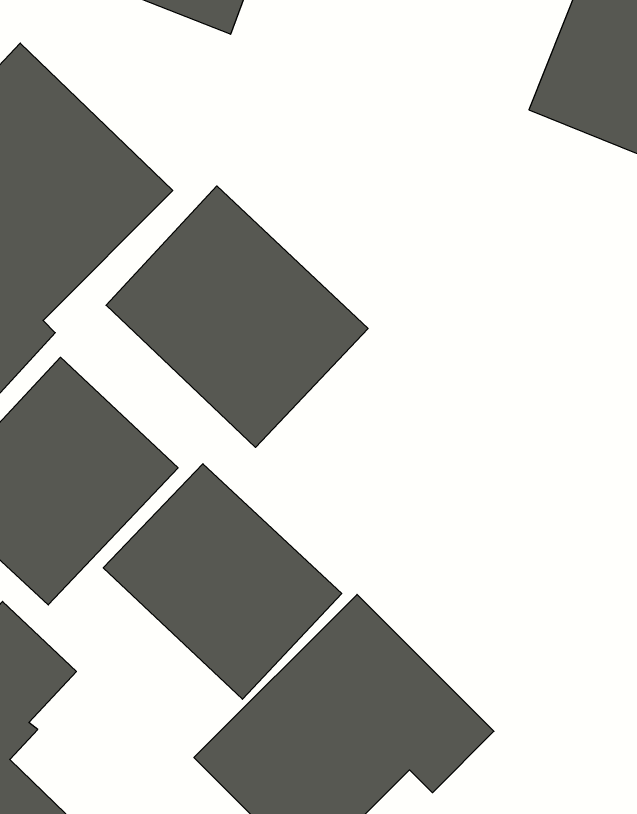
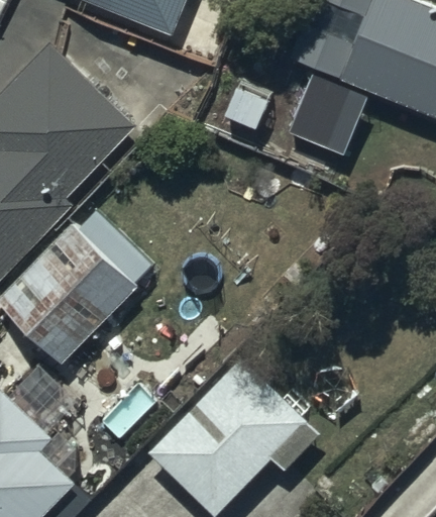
building: [106,186,368,447] -> none
building: [103,464,342,699] -> none

